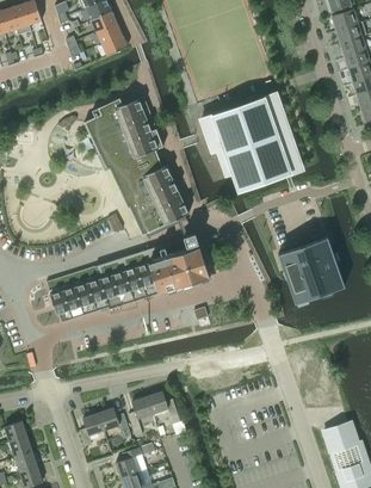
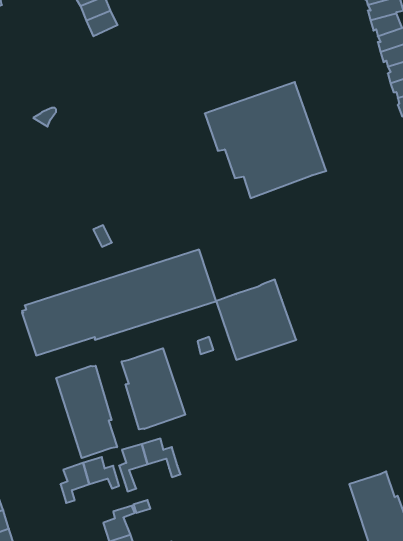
building: [85,97,188,235] -> none
building: [278,236,345,303] -> [216,280,296,360]
building: none -> [122,348,185,429]
building: none -> [56,366,117,458]

